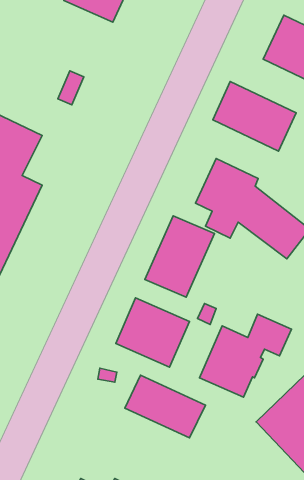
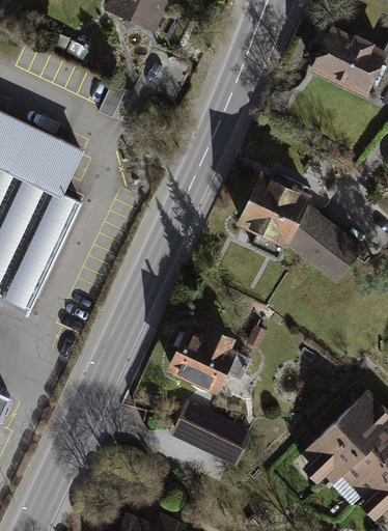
building: [213,82,296,151] -> none
building: [145,216,215,297] -> none
building: [200,314,291,397] -> none

